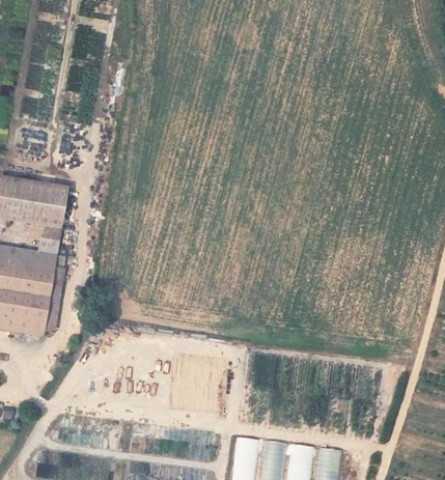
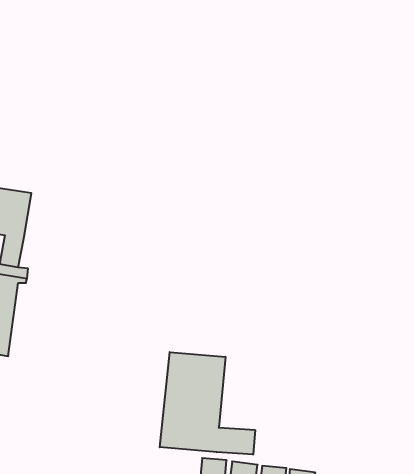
building: none -> [160,352,255,455]

